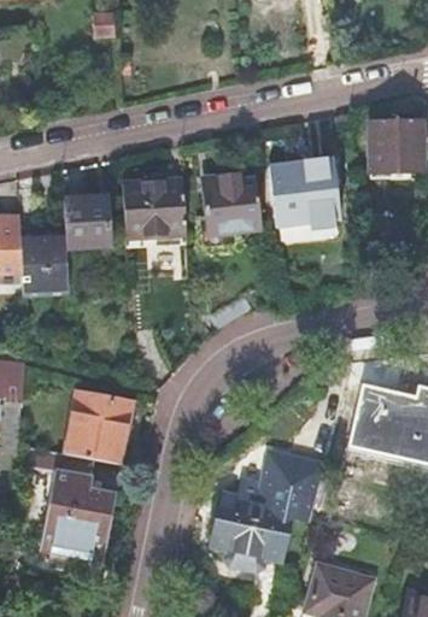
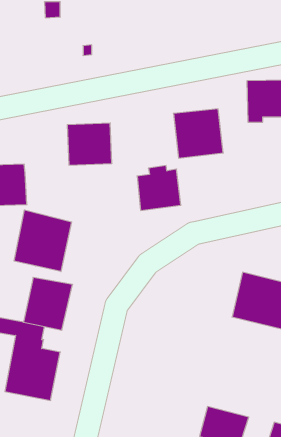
building: [201,174,262,235] -> [137,166,181,210]
building: [63,196,109,248] -> none
building: none -> [14,210,72,272]
building: [212,454,327,570] -> none

